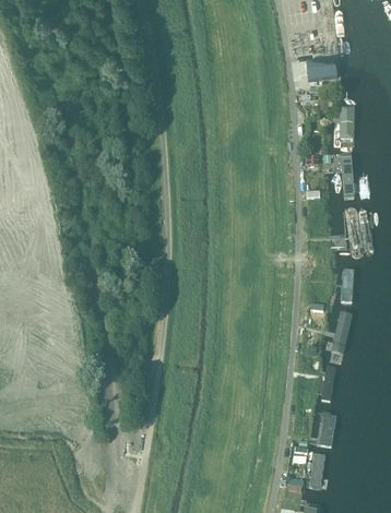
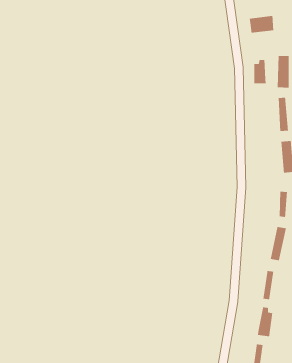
building: none -> [254,59,267,84]

